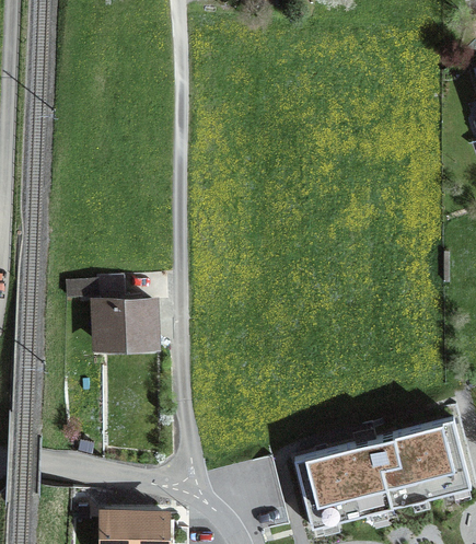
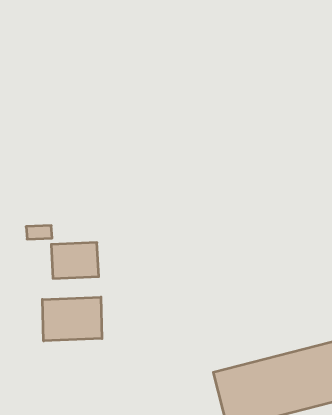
building: none -> [42,297,102,341]

